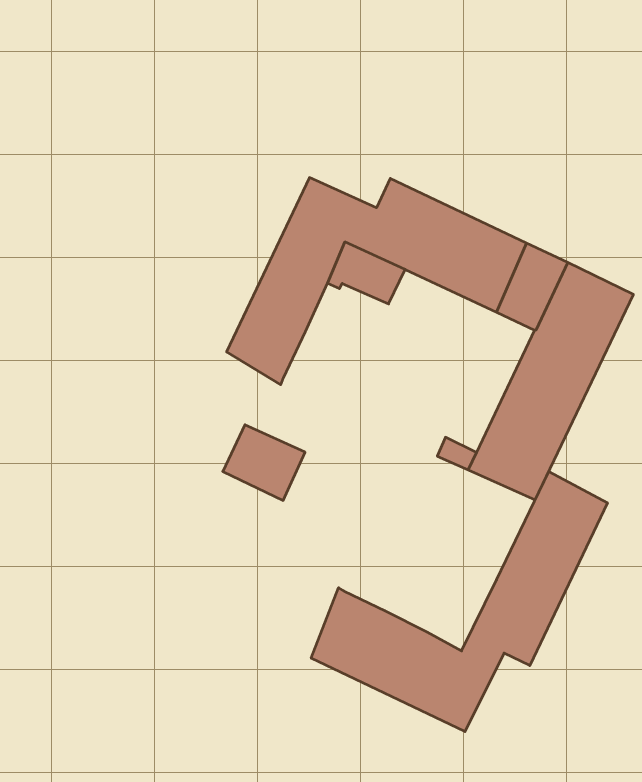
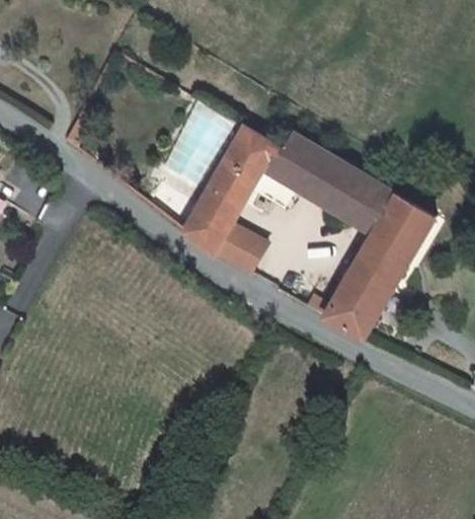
building: [223,425,305,500] -> [216,221,267,270]
building: [311,472,607,732] -> none

